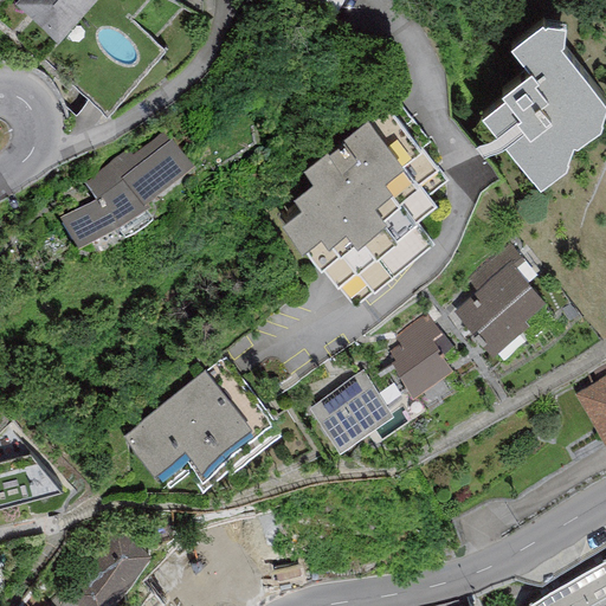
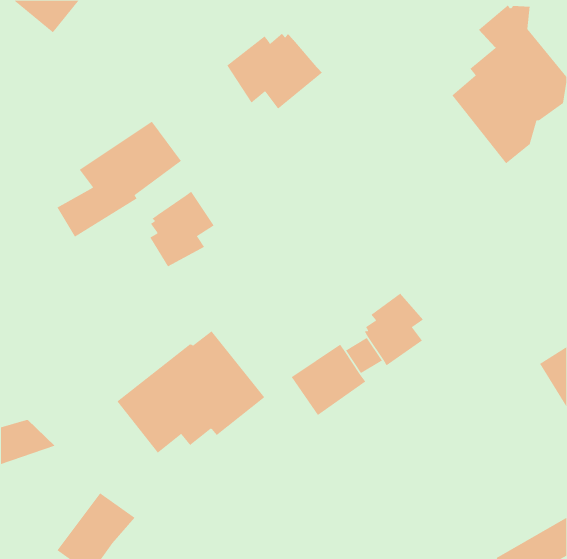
building: none -> [226,33,323,109]
building: [277,108,450,307] -> none
building: none -> [149,191,215,267]
building: [454,250,553,357] -> none

